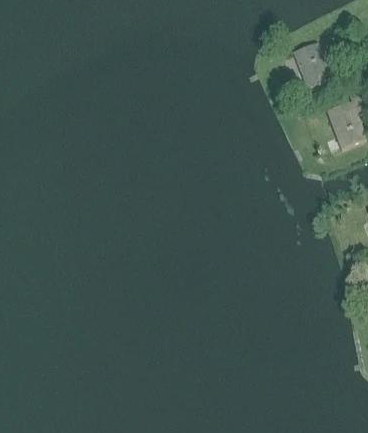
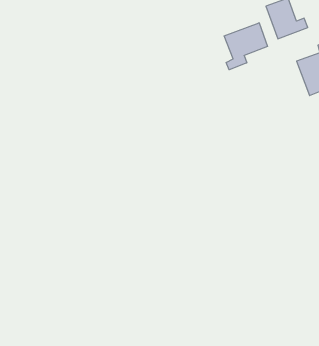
building: none -> [224,23,267,70]

